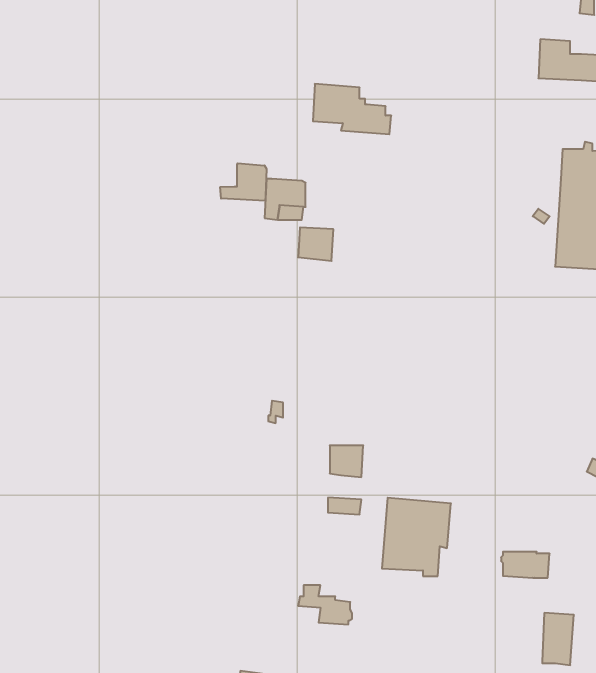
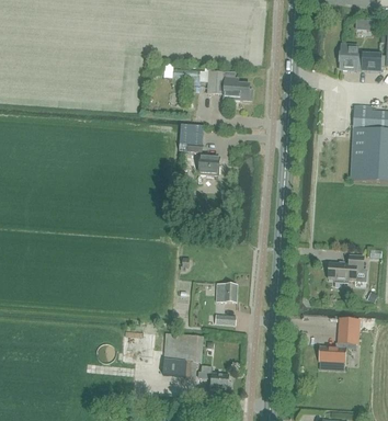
building: [220,163,266,201] -> none
building: none -> [328,254,366,282]
building: [382,498,451,576] -> [162,333,203,379]
building: [542,613,574,665] -> [339,318,357,349]

